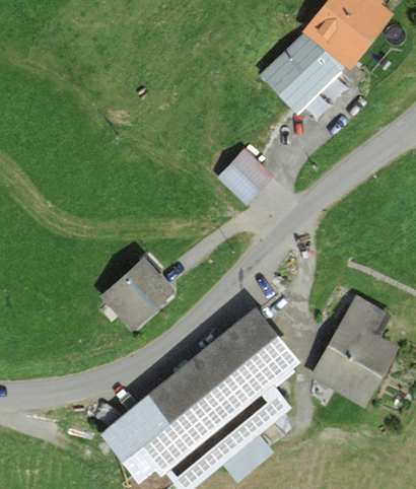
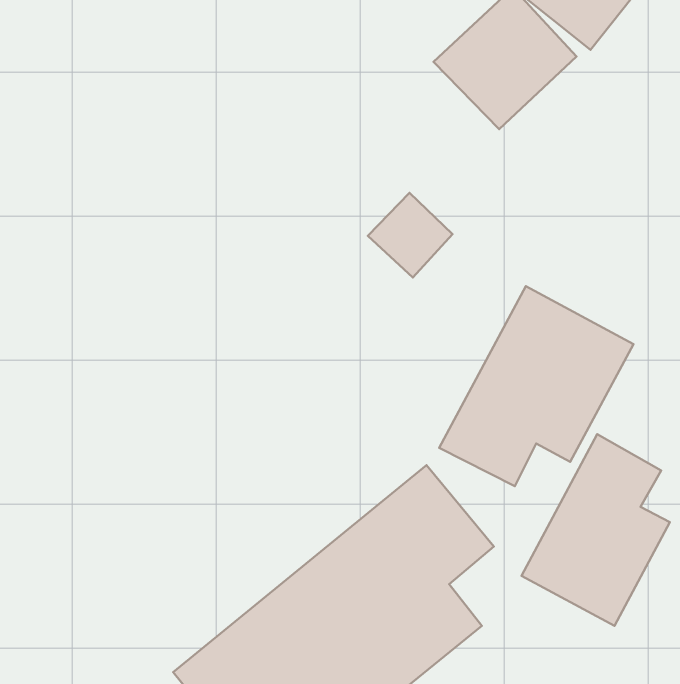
building: none -> [439,286,634,486]
building: [105,262,170,326] -> none

